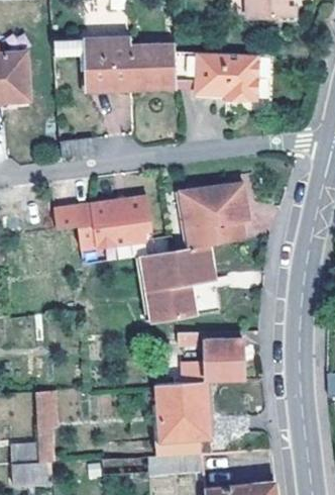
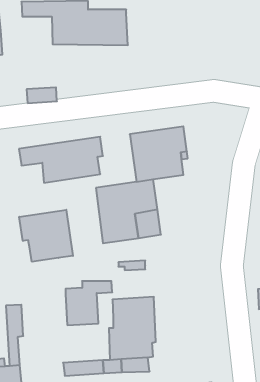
building: [175,51,258,100] -> none
building: none -> [19,210,73,262]
building: [205,330,259,382] -> [66,281,112,325]

